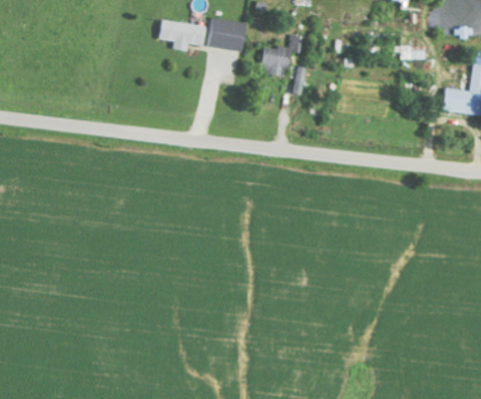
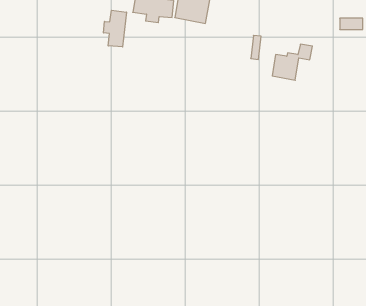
building: [260,35,307,77] -> [272,44,312,80]
building: none -> [104,10,126,47]

